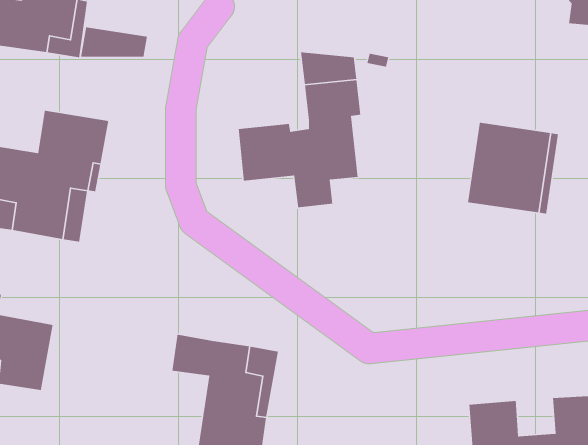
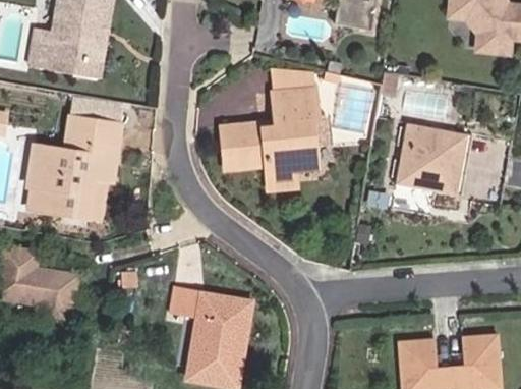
building: [80,26,148,58] -> none

